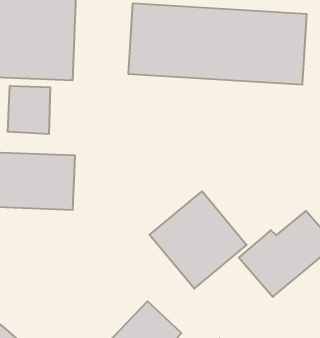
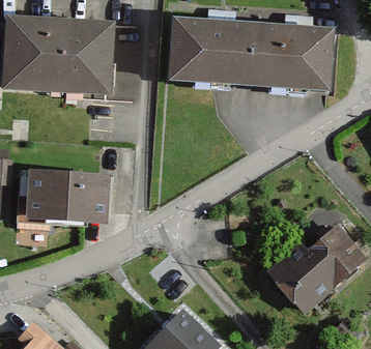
building: [8,86,50,134] -> none
building: [150,191,247,289] -> none

